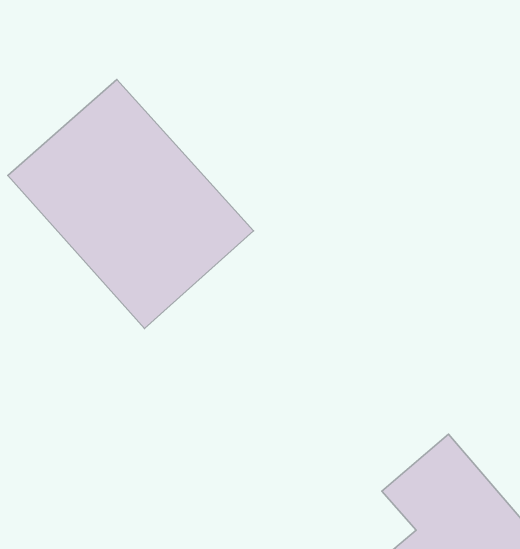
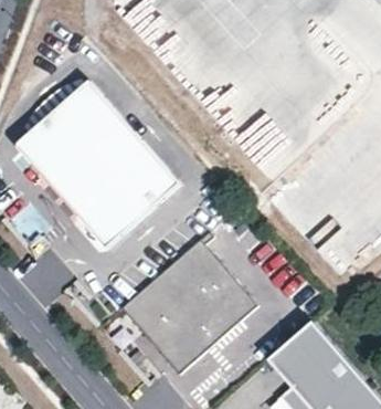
building: none -> [121,233,258,376]

